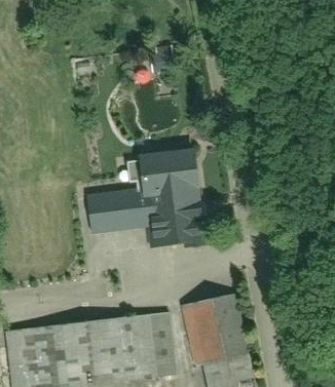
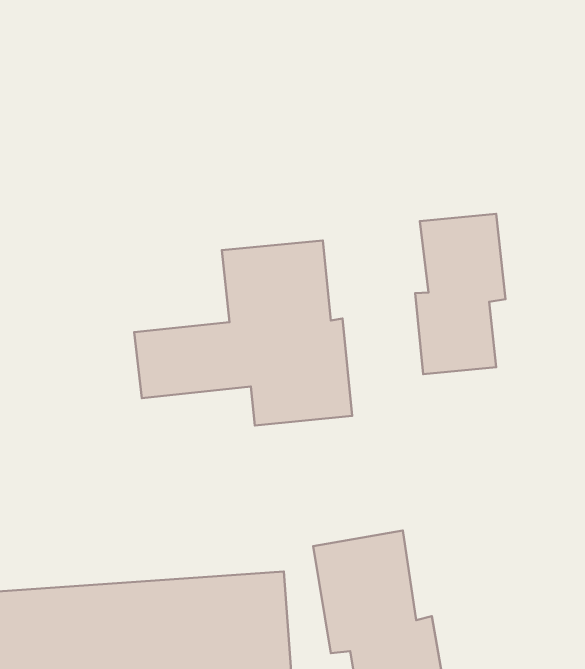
building: none -> [415,214,506,374]

